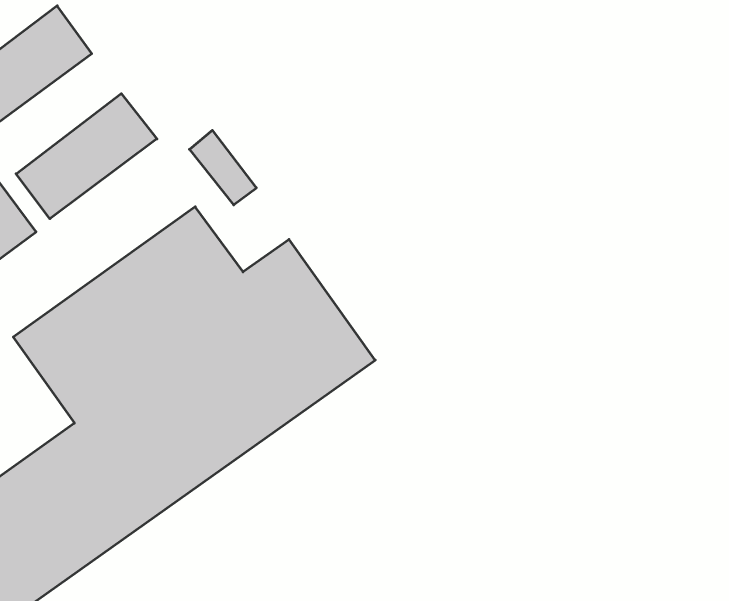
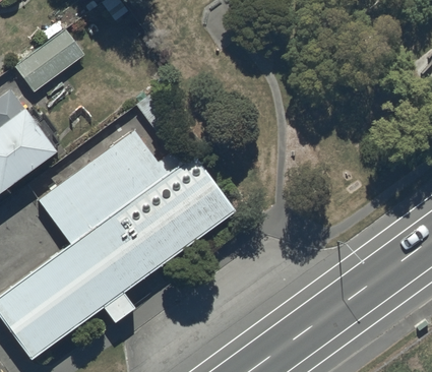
building: [16,94,157,219] -> none

